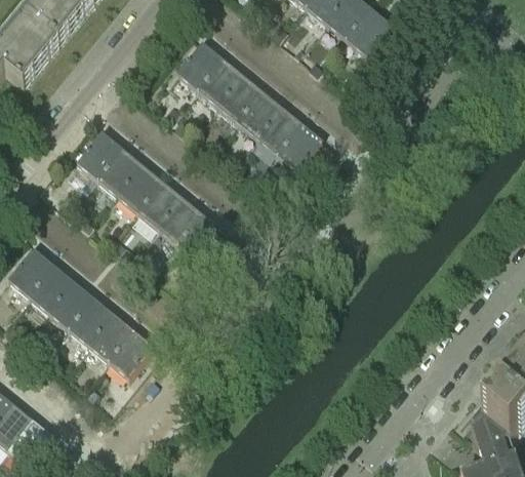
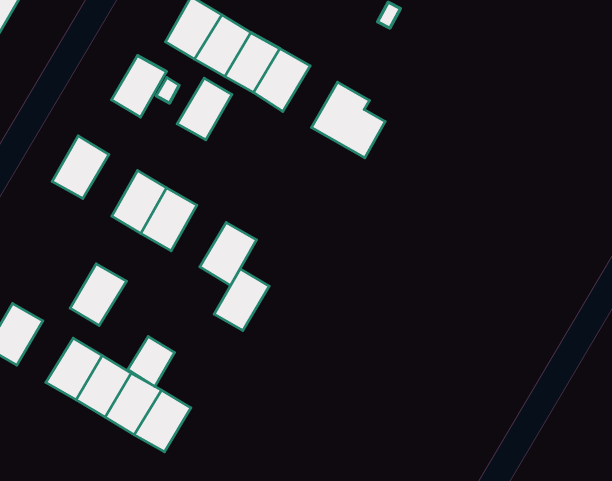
building: [254,107,298,153] -> [177,78,232,140]
building: [95,149,139,195] -> [111,56,166,117]
building: [155,197,199,243] -> [214,269,269,330]
building: [27,265,72,311] -> [70,264,127,326]
building: none -> [128,336,175,386]

